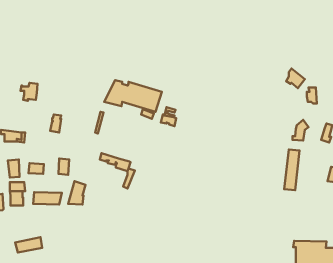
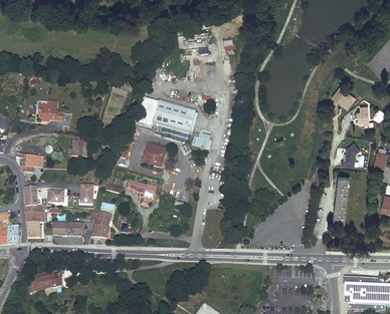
building: none -> [142,142,167,167]

